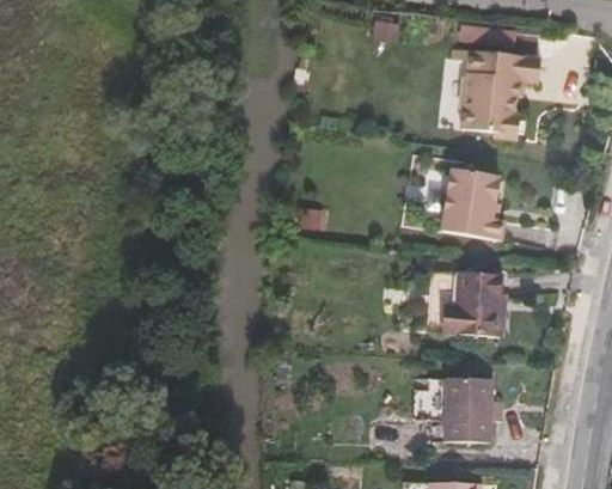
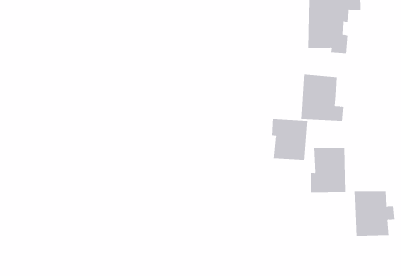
building: none -> [271,118,308,161]
building: [442,374,498,440] -> [354,191,395,237]

